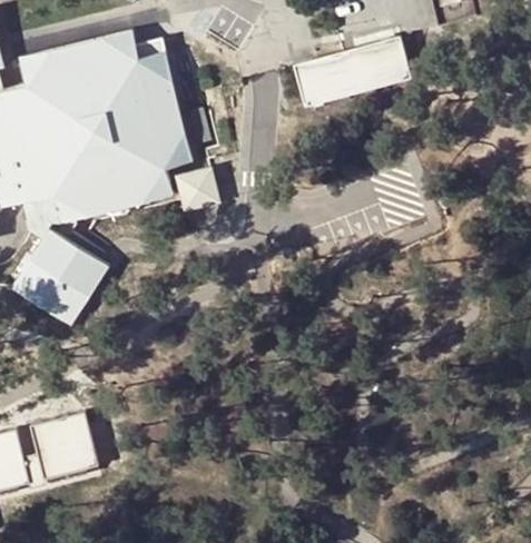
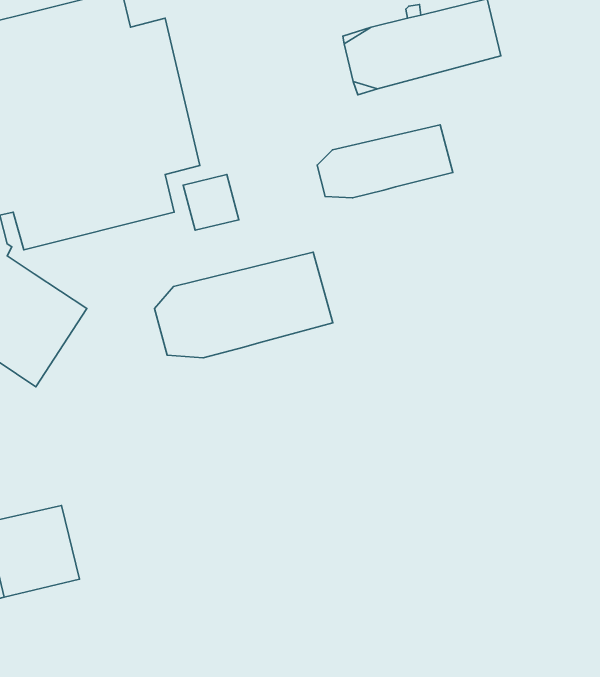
building: none -> [317,125,453,198]
building: none -> [154,252,333,358]

